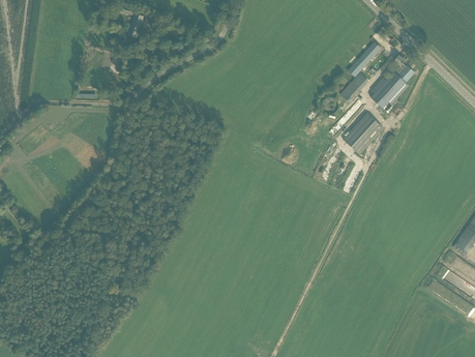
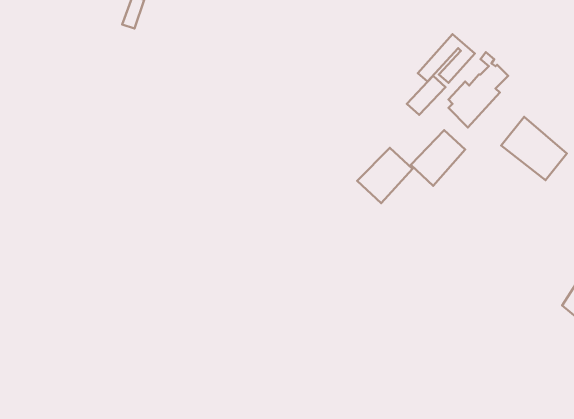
building: none -> [501,117,567,180]
building: none -> [357,148,412,203]

